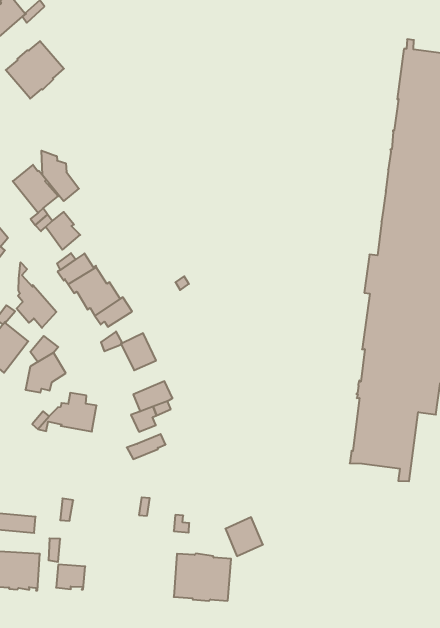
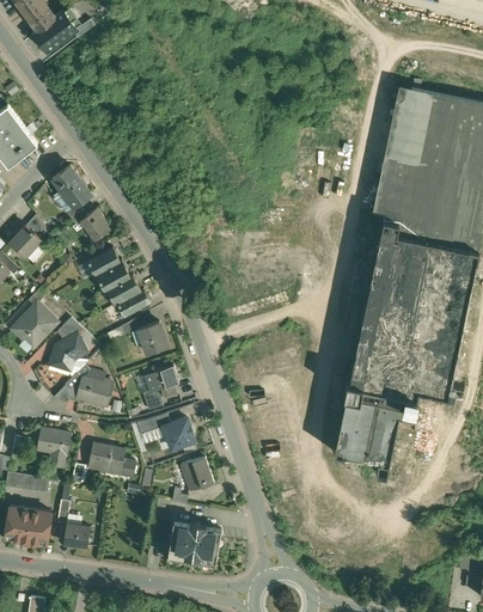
building: [6,41,64,99] -> none
building: [41,151,79,201] -> none
building: [17,262,56,328] -> none
building: none -> [163,417,194,448]
building: none -> [35,428,69,466]
building: none -> [87,443,135,476]
building: [225,517,263,556] -> [179,457,212,490]

